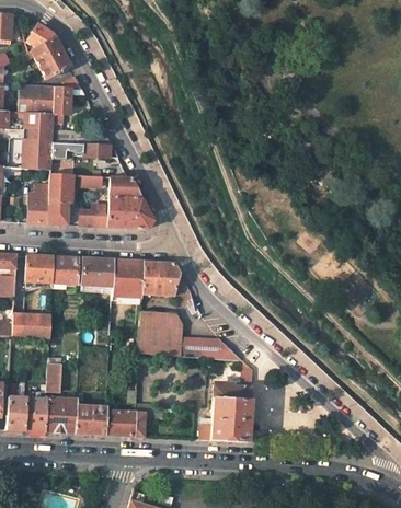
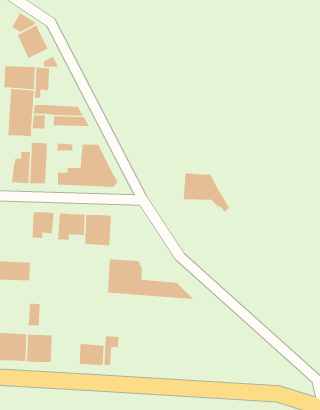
building: [24,255,51,282] -> none
building: [141,261,196,308] -> [183,172,230,213]
building: [198,361,251,441] -> none
building: [73,403,106,435] -> none

